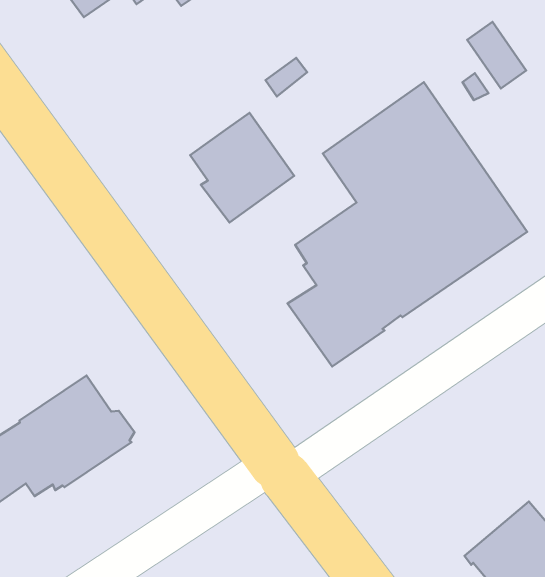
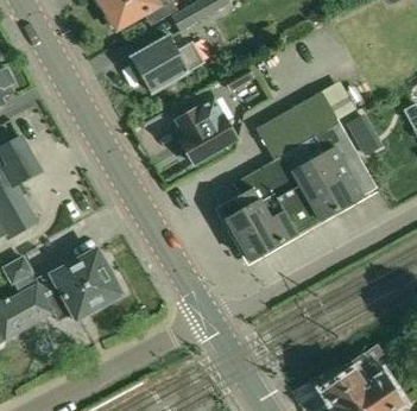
building: none -> [129,36,203,94]
building: [467,22,526,88] -> [343,113,378,154]

